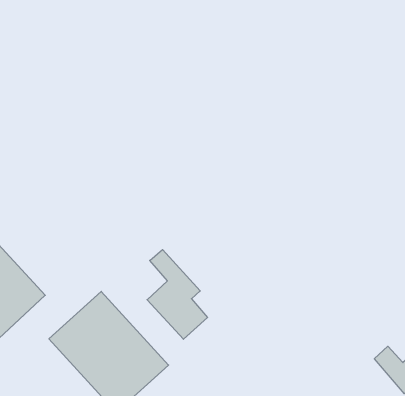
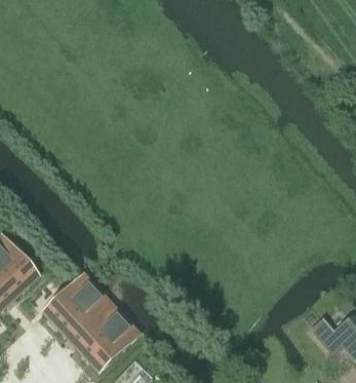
building: [147,250,208,339] -> none

